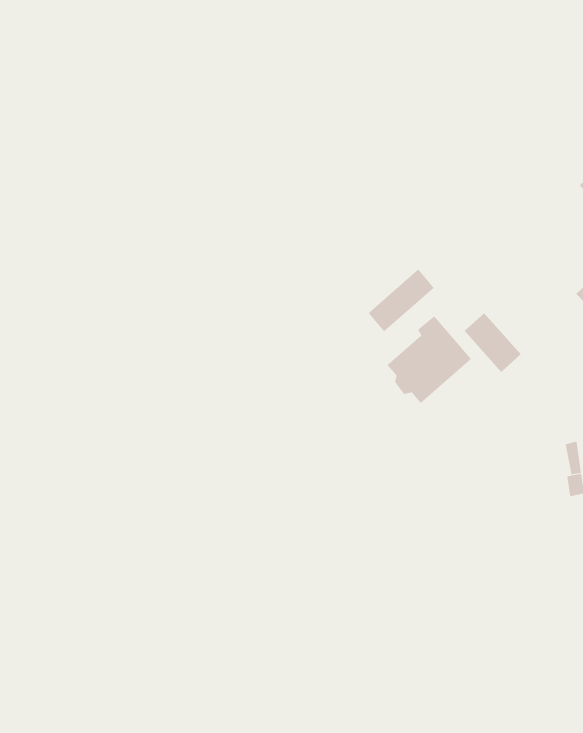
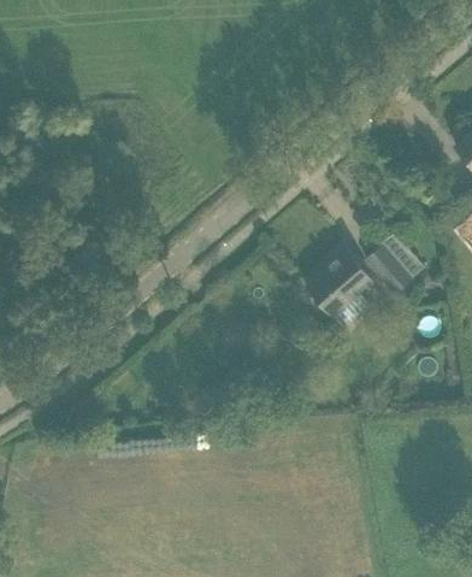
building: [368,269,435,332] -> none

